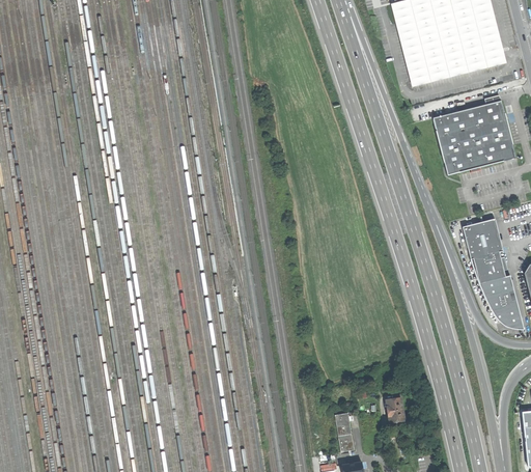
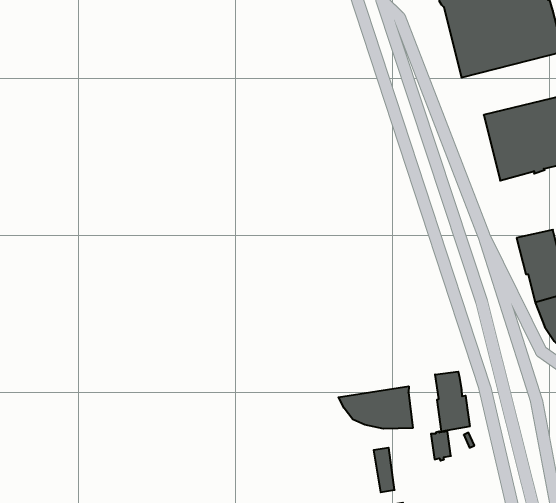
building: none -> [435,372,470,432]
building: none -> [338,386,413,429]

